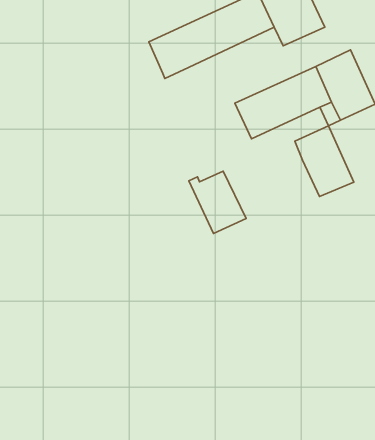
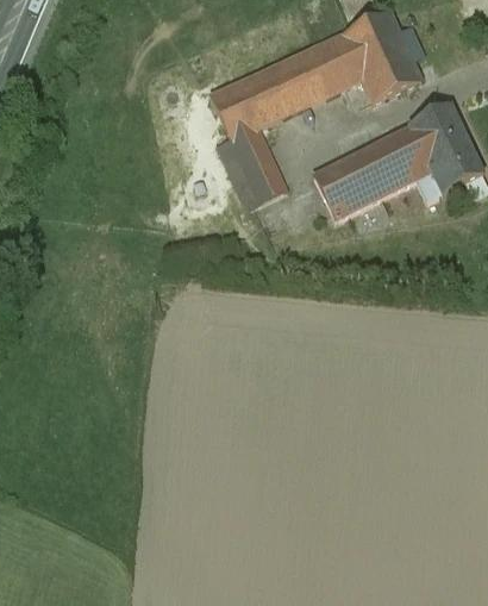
building: [295,126,354,197] -> none
building: [189,171,246,233] -> [215,127,284,202]

